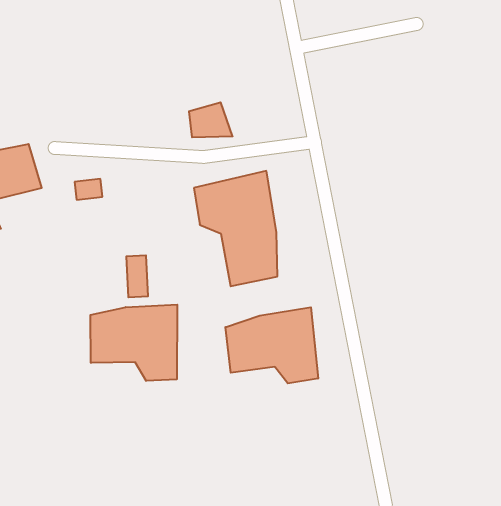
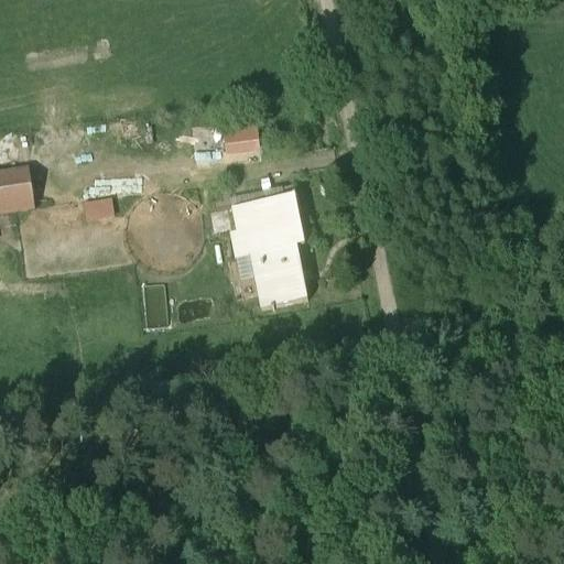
building: [90,305,177,381] -> none
building: [225,307,318,383] -> none

